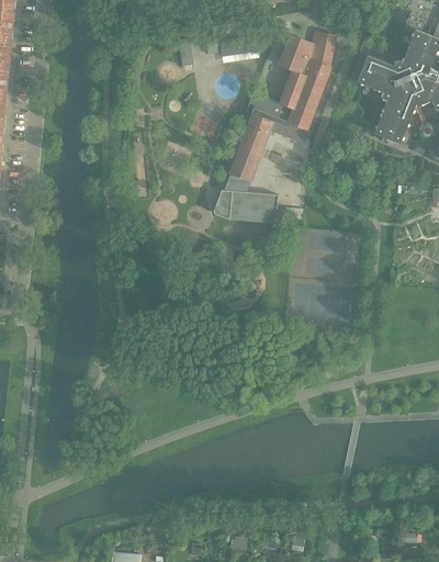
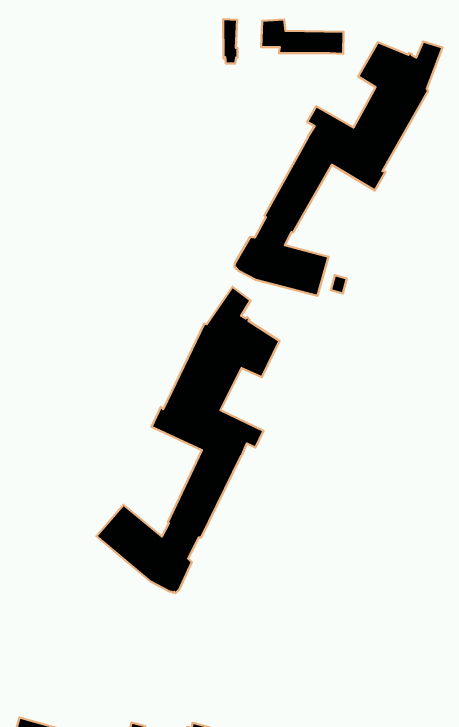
building: none -> [96,287,279,593]

